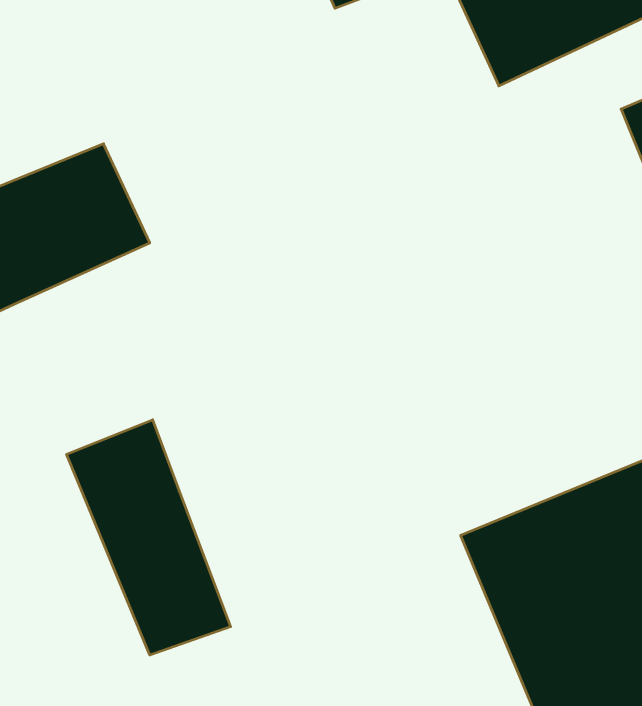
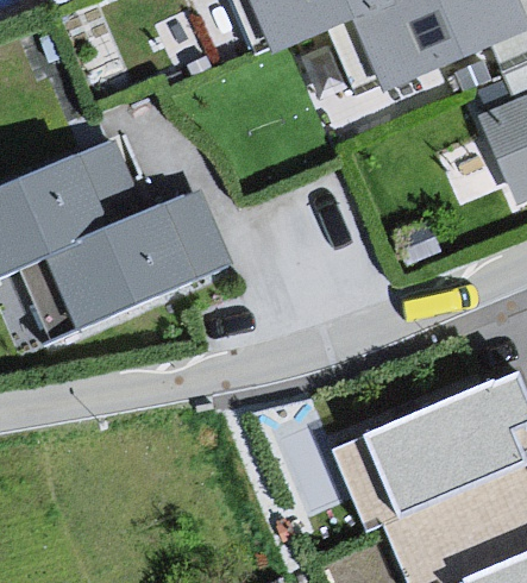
building: none -> [43,193,225,334]
building: [67,420,231,655] -> none

